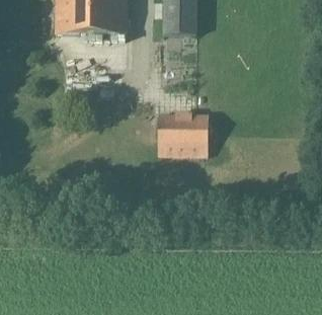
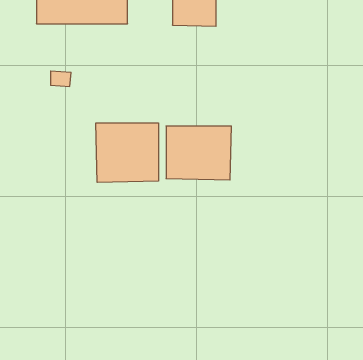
building: none -> [96,123,158,182]

